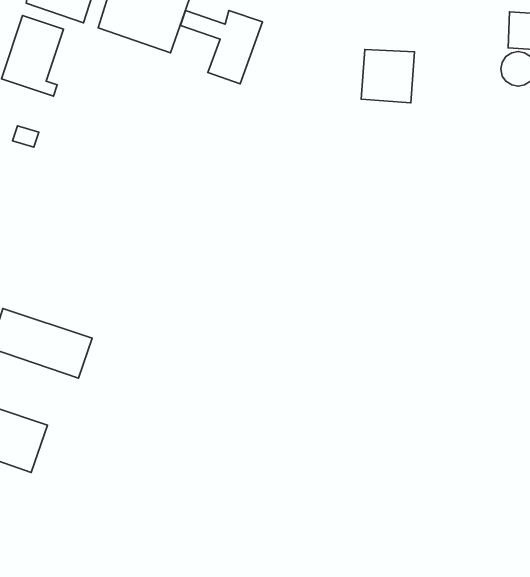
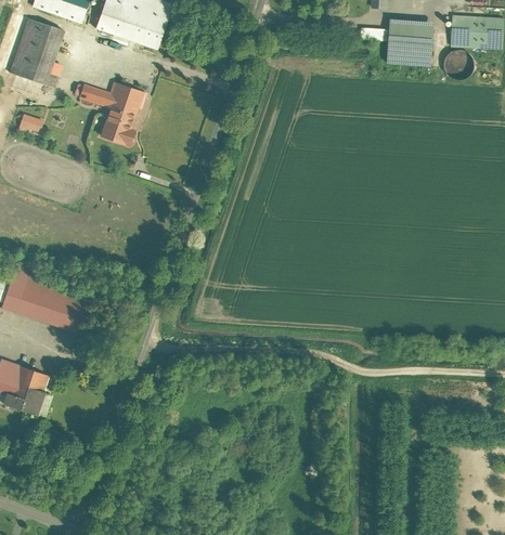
building: [180,11,262,84] -> [73,82,144,146]
building: [361,49,415,103] -> [386,19,432,66]

